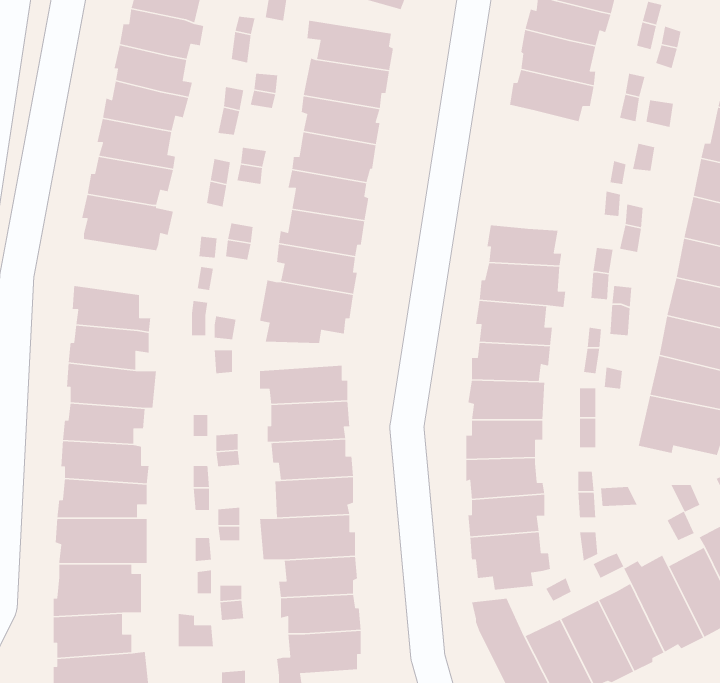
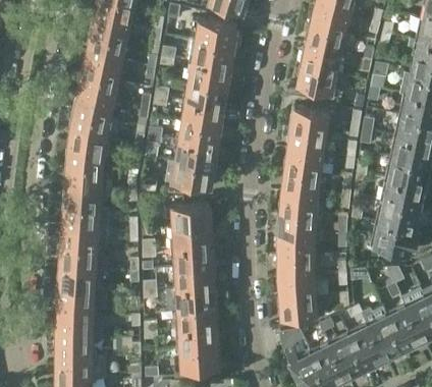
building: none -> [299,65,341,95]
building: none -> [290,107,337,132]
building: none -> [66,137,111,167]

